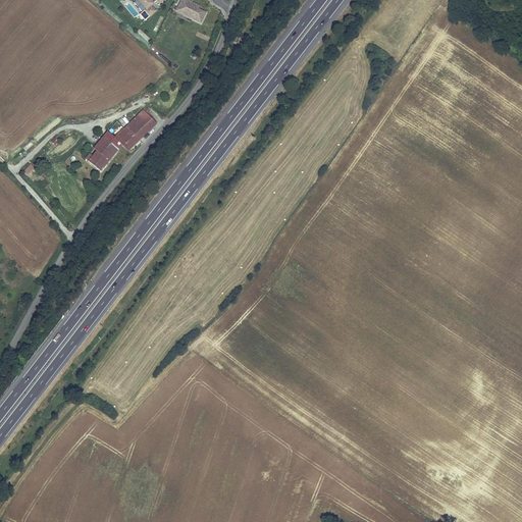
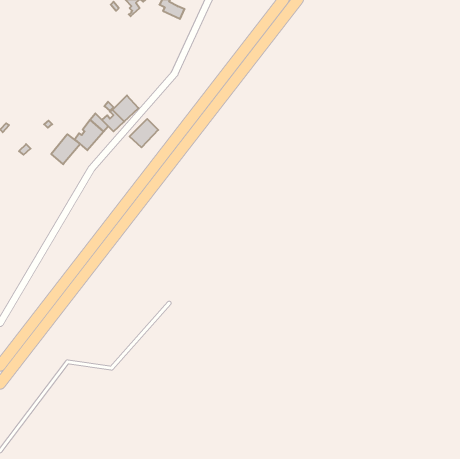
building: none -> [130,119,158,147]
building: none -> [51,134,80,164]

